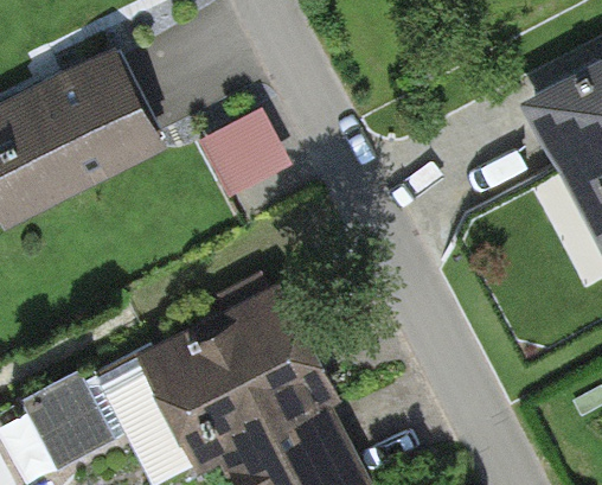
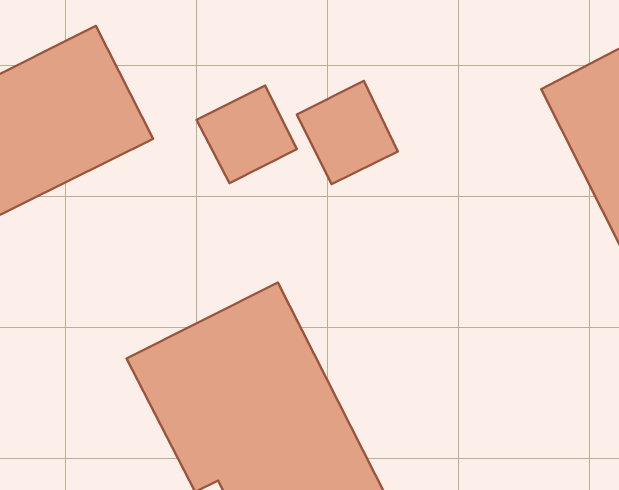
building: none -> [297,81,398,184]
building: [27,366,120,462] -> none

